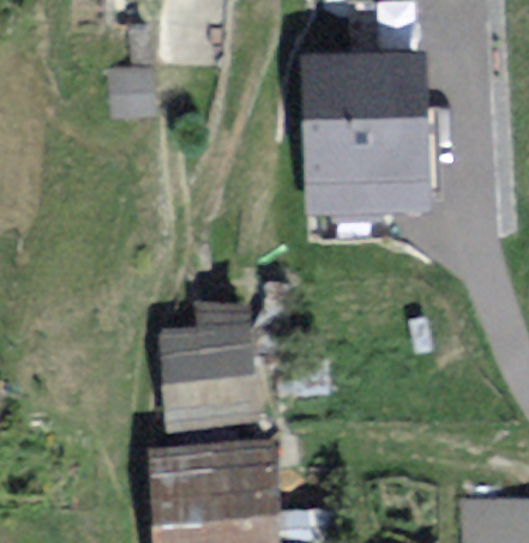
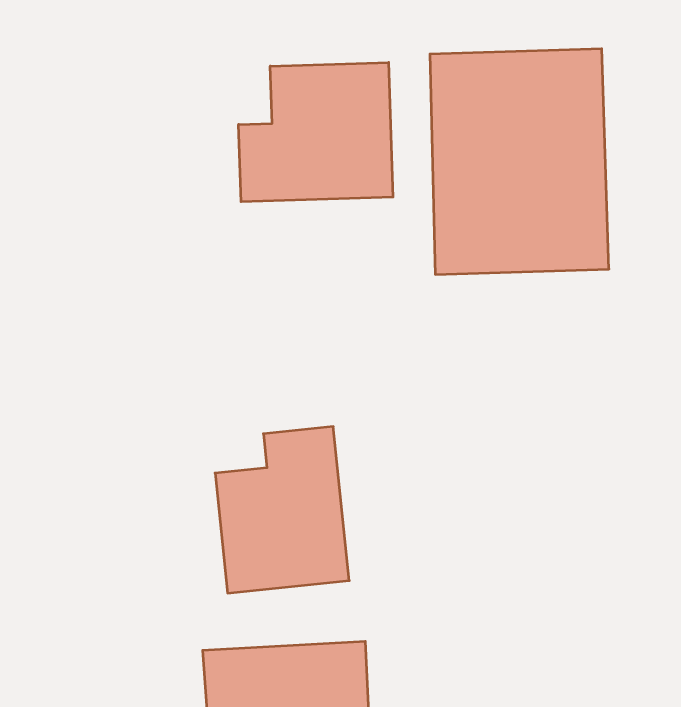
building: none -> [239,62,393,202]

